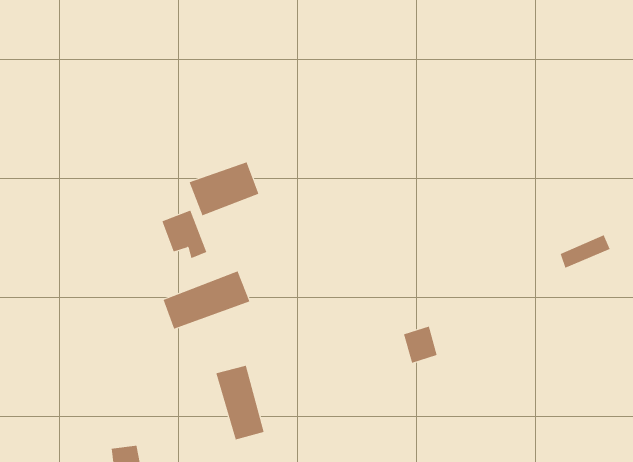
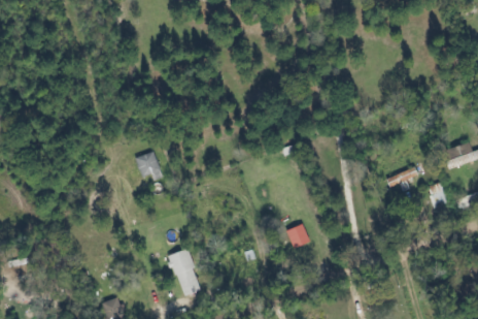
building: [189,161,259,216] -> none
building: [163,270,250,329] -> none

